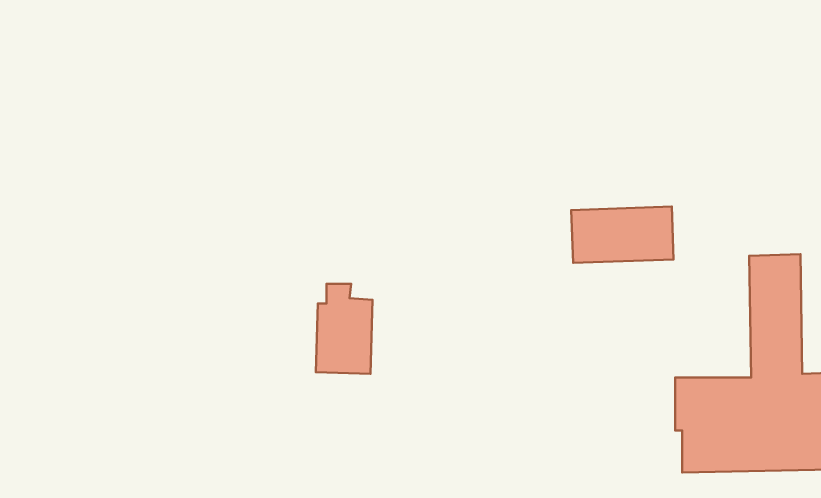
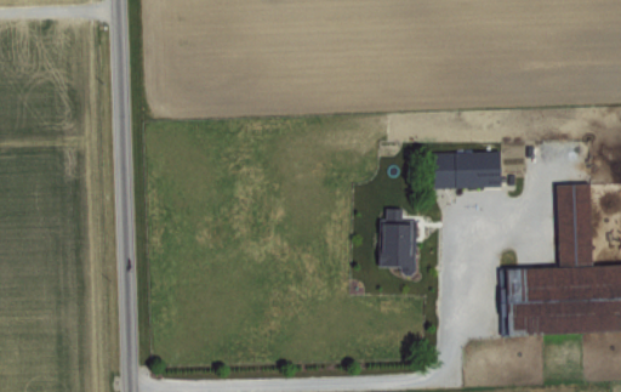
building: [316,284,372,374] -> [378,209,417,271]

